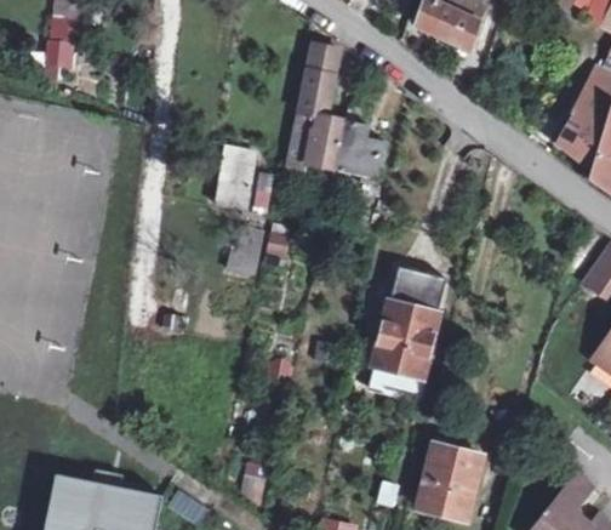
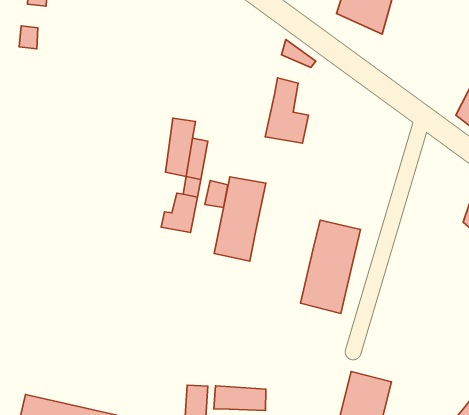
building: [289,46,346,172] -> none
building: none -> [214,177,266,261]
building: none -> [214,386,266,411]

